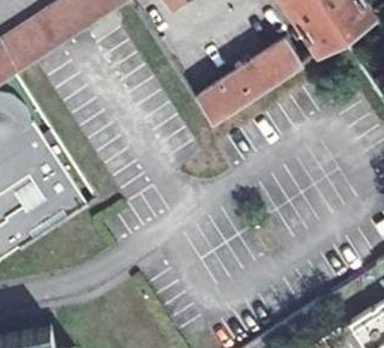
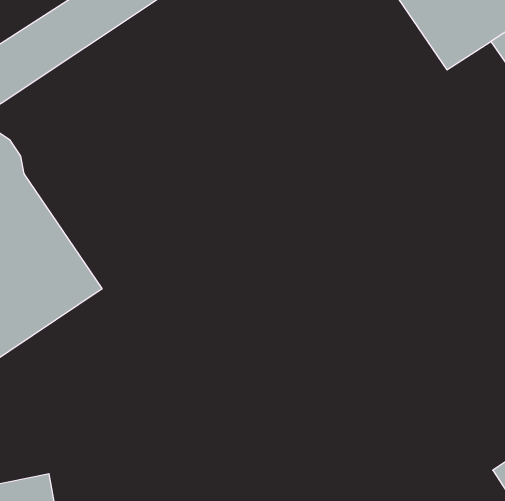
building: [196,40,302,124] -> none

